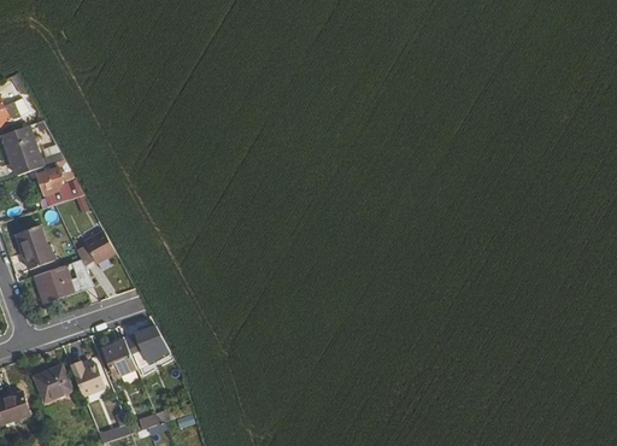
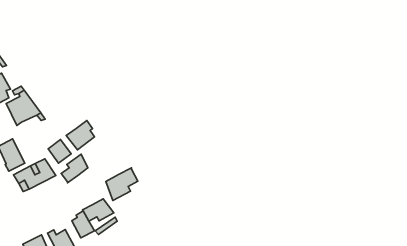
building: none -> [66,120,94,150]
building: none -> [61,154,88,183]
building: none -> [106,168,138,201]

